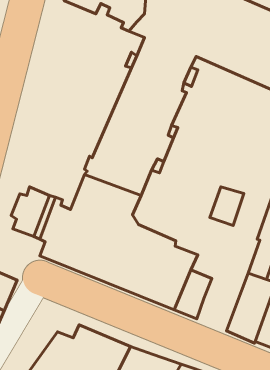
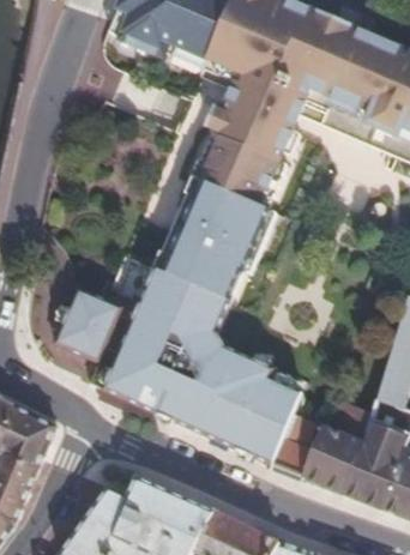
building: [210,187,244,225] -> none
building: none -> [307,418,364,490]

